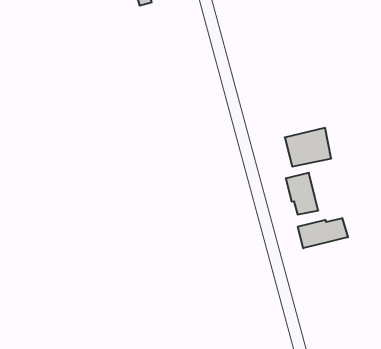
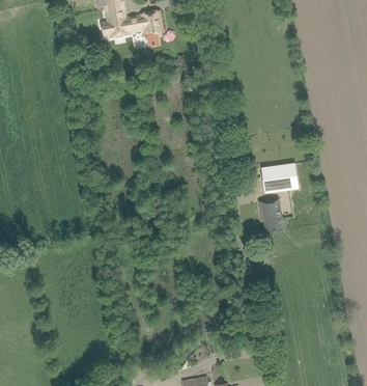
building: [298,218,348,248] -> none

